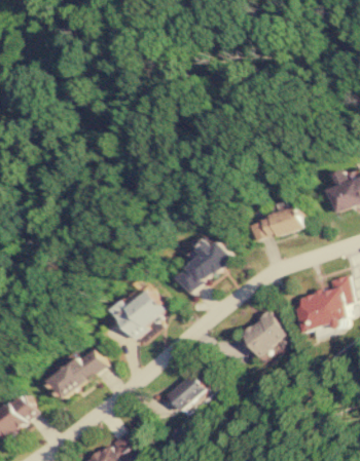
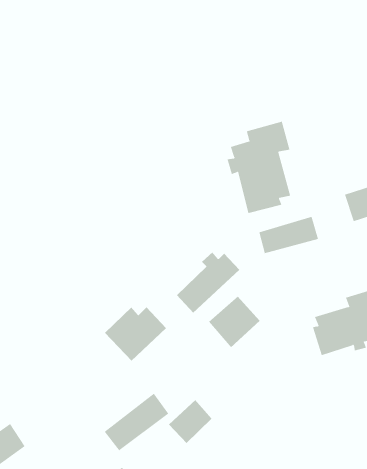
building: none -> [227,121,291,214]
building: [241,310,288,357] -> [208,296,261,348]
building: [45,347,104,399] -> [104,393,169,451]

